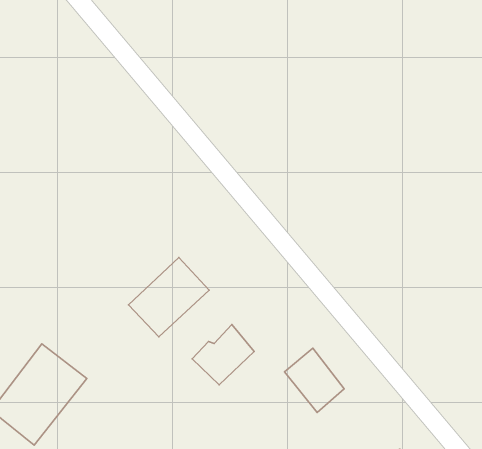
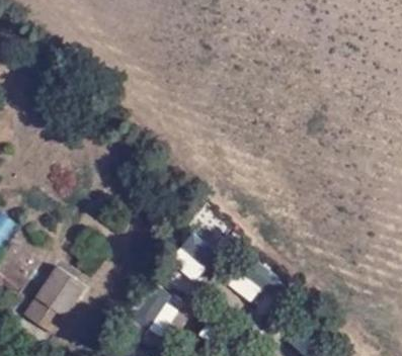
building: [129,257,209,337] -> none

